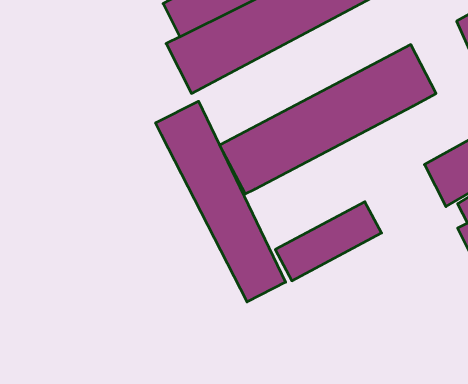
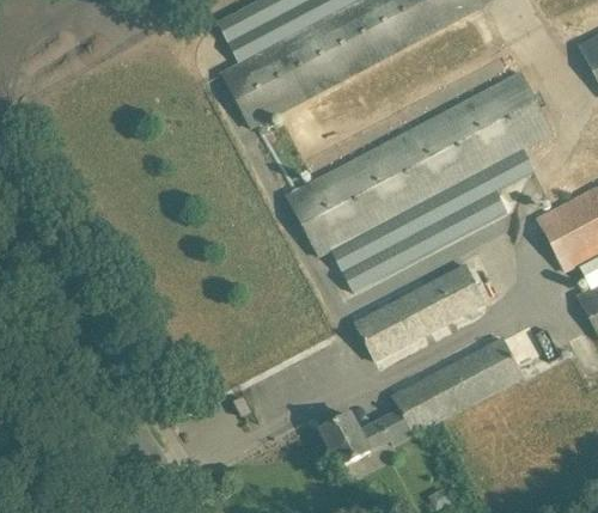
building: [156,101,286,302] -> none
building: none -> [330,146,537,291]
building: none -> [322,336,524,465]

